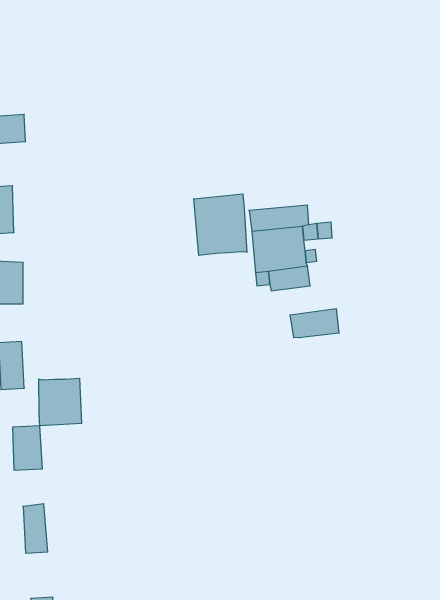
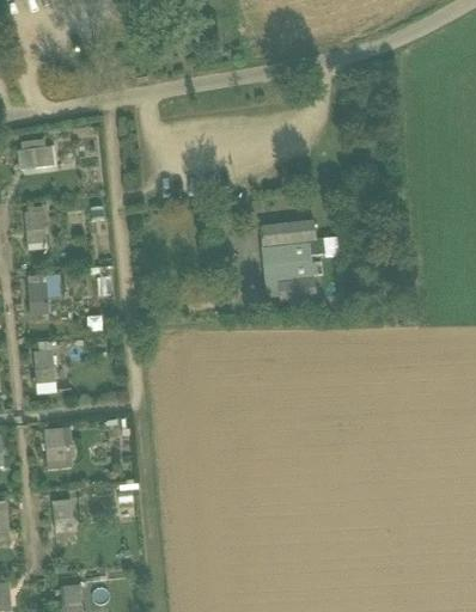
building: [194,194,247,255] -> none
building: [290,309,339,338] -> none
building: [39,378,81,426] -> none

